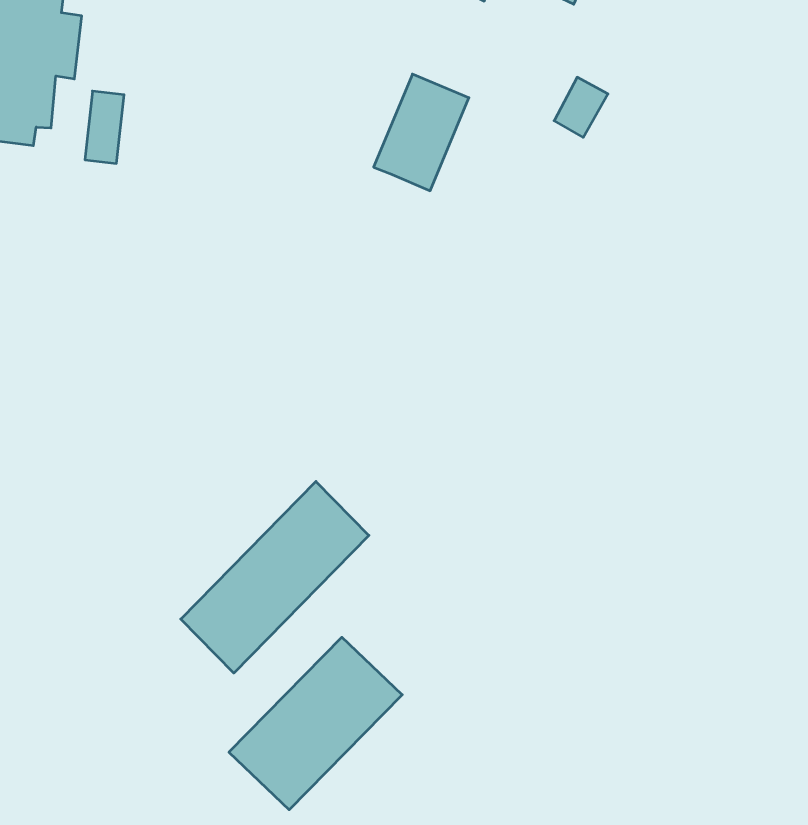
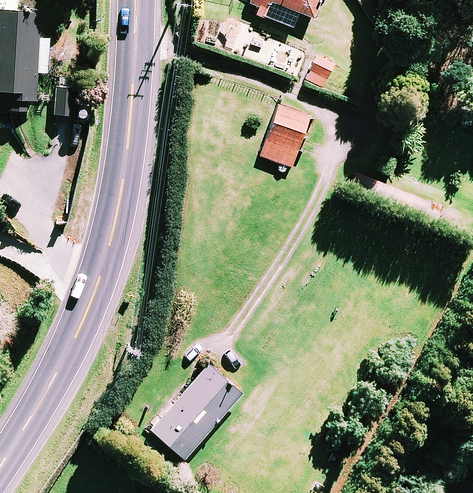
building: [374,74,469,191] -> [260,105,309,167]
building: [181,481,369,673] -> none

